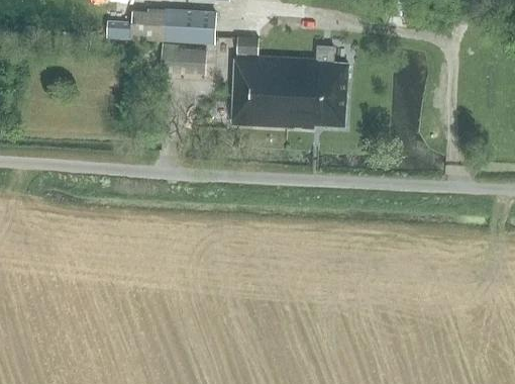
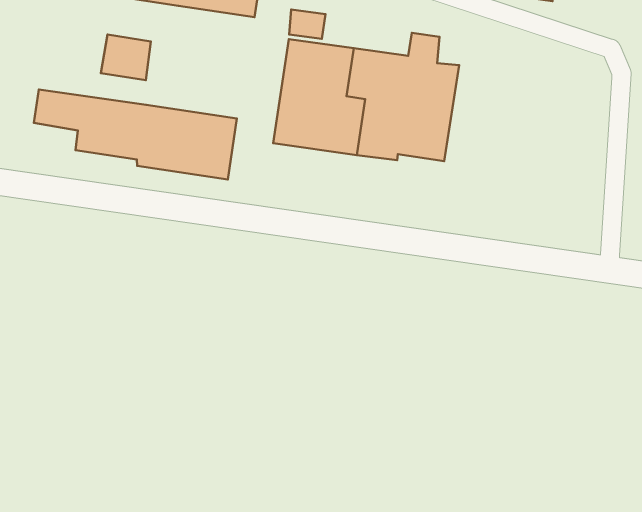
building: [176,49,206,76] -> [101,34,151,80]
building: none -> [34,90,237,179]

